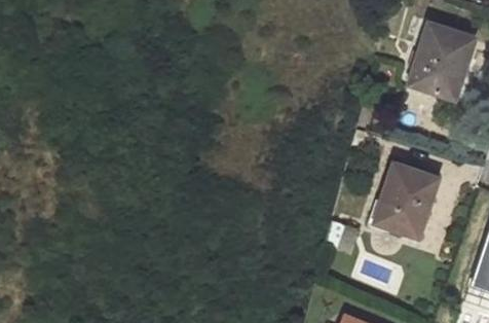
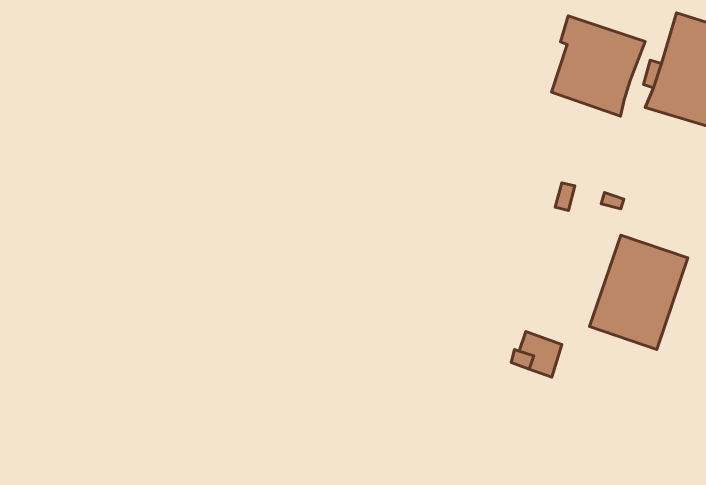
building: none -> [551,16,645,116]

